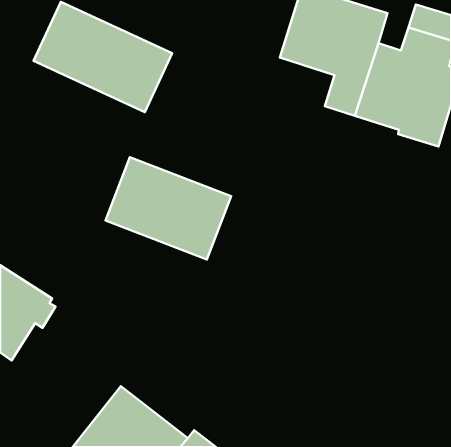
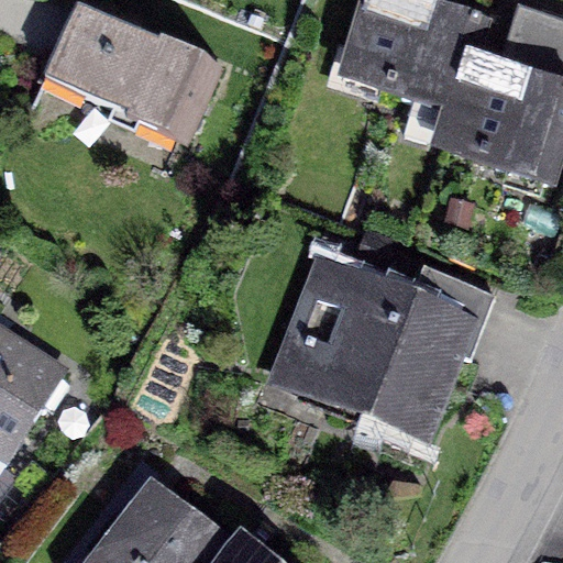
building: [106,157,231,260] -> none
building: none -> [291,263,485,465]

